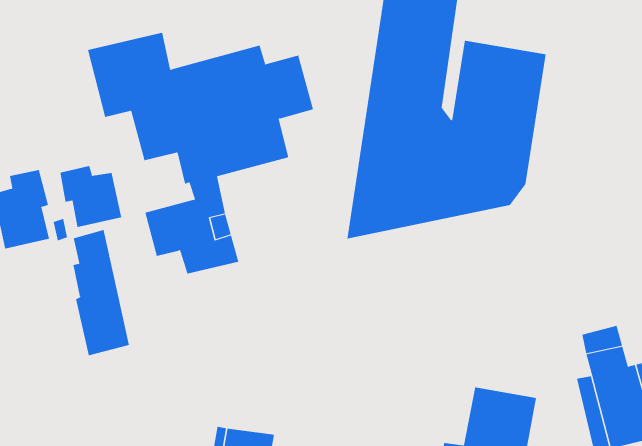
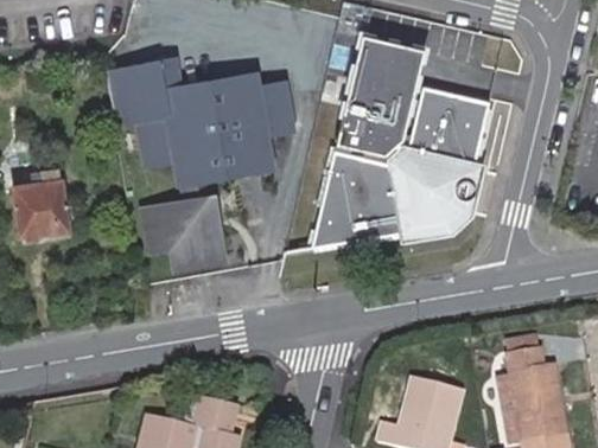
building: [60,165,122,228] -> none
building: [73,229,130,356] -> none

